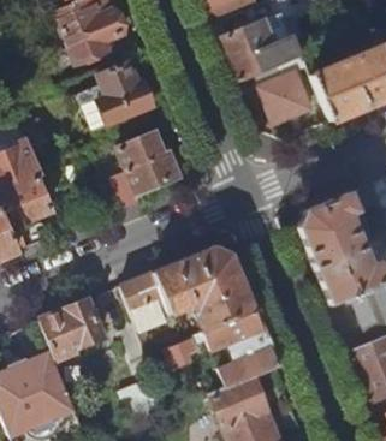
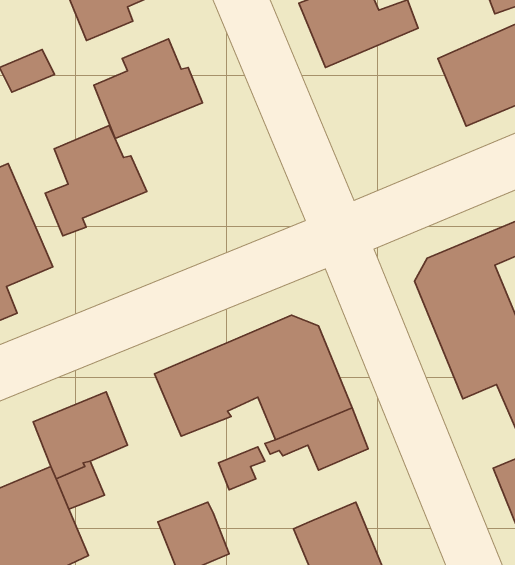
building: [261,72,310,123] -> none
building: [111,132,179,207] -> [45,126,147,236]
building: [220,339,277,388] -> none

